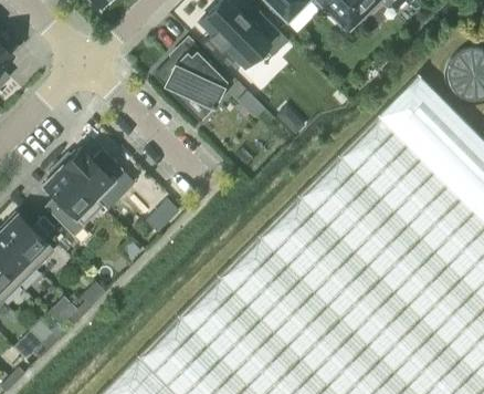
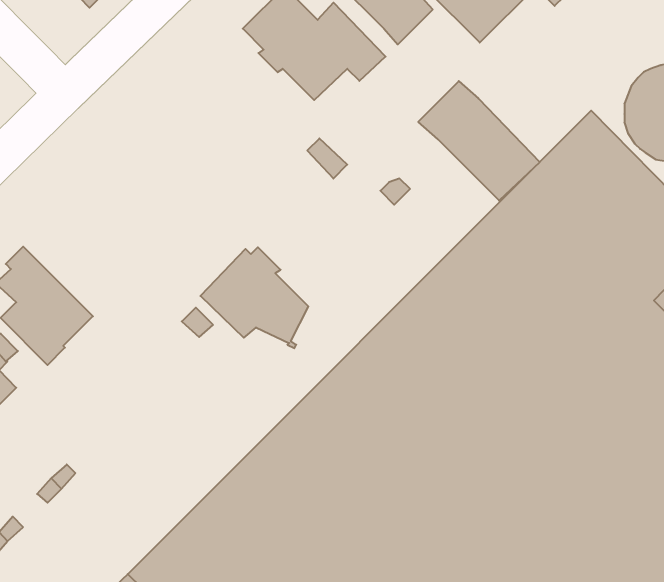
building: [156,44,224,108] -> [200,247,308,348]
building: none -> [418,81,540,201]
building: [60,146,124,199] -> none

